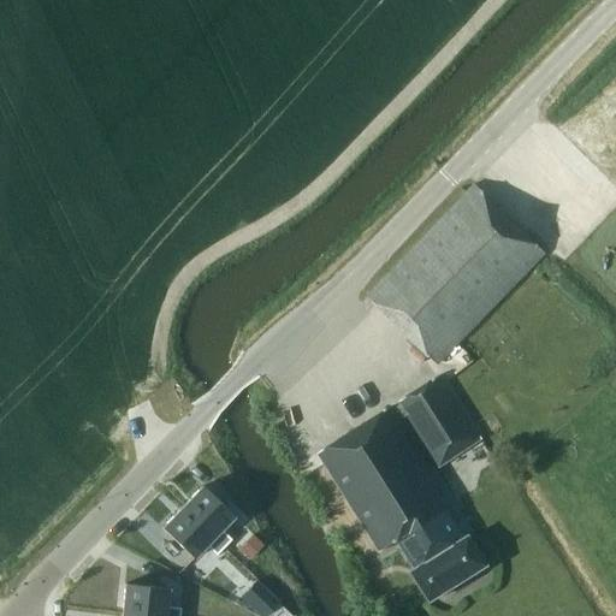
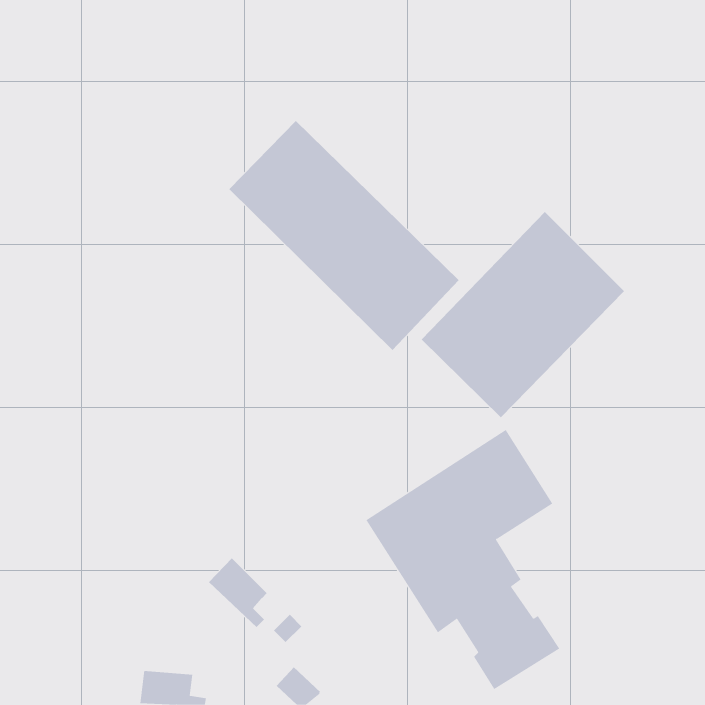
building: none -> [228,120,459,351]
building: [161,508,224,559] -> none

